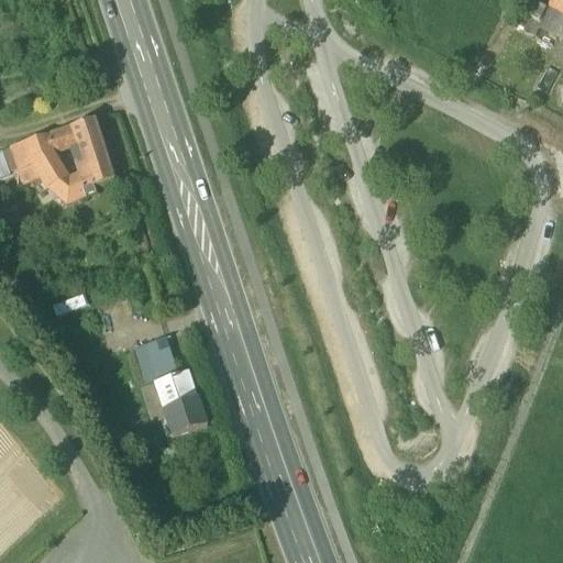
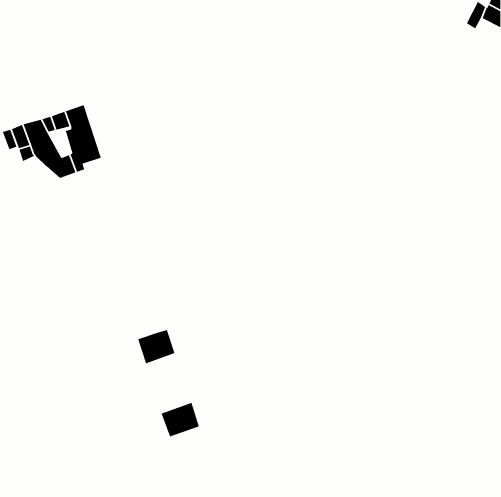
building: [134,335,177,383] -> none
building: [163,396,207,435] -> [161,402,200,438]

